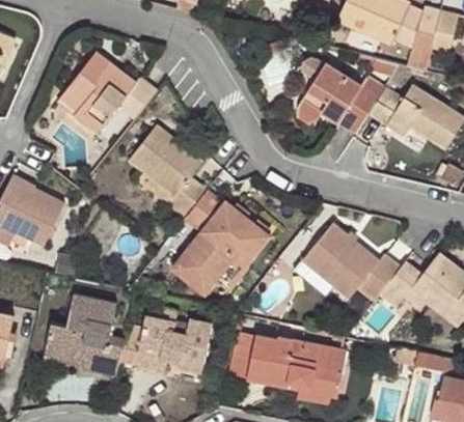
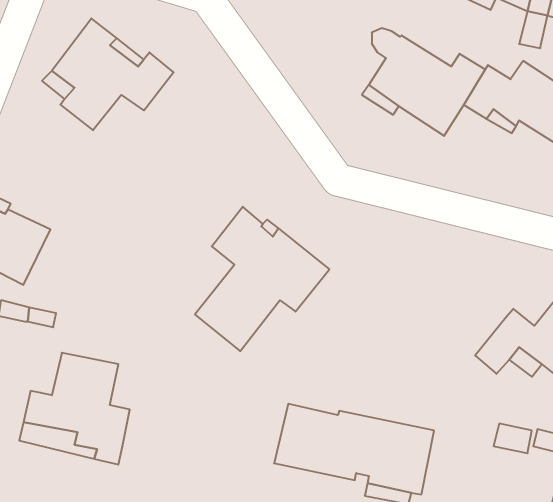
building: [128,120,207,217] -> none
building: [301,225,400,301] -> none
building: [118,315,212,383] -> none

